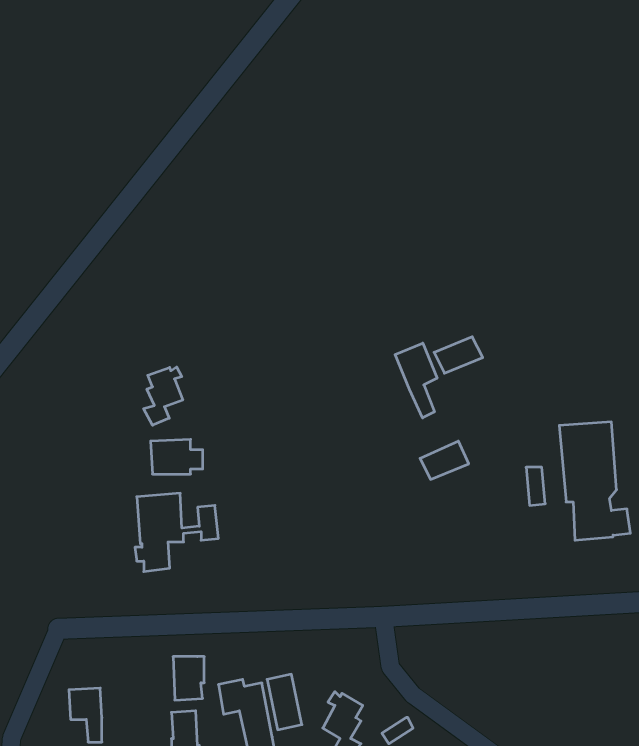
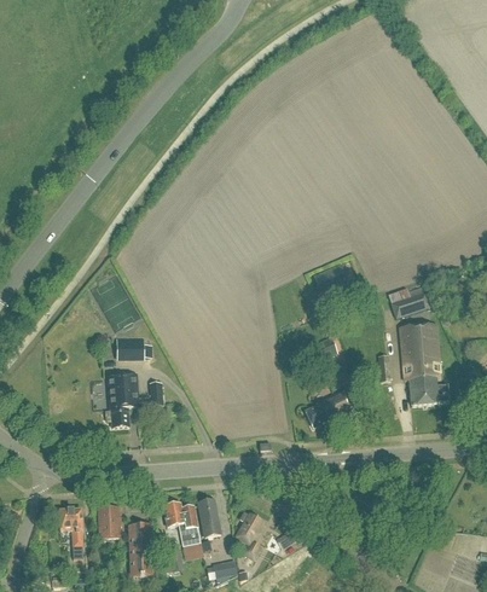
building: [395,343,437,418] -> none
building: none -> [387,285,429,319]
building: [144,367,183,425] -> none
building: none -> [303,389,352,428]
building: [173,657,204,700] -> [98,507,120,538]

